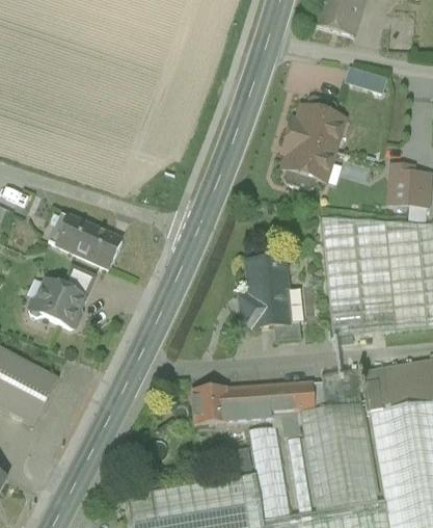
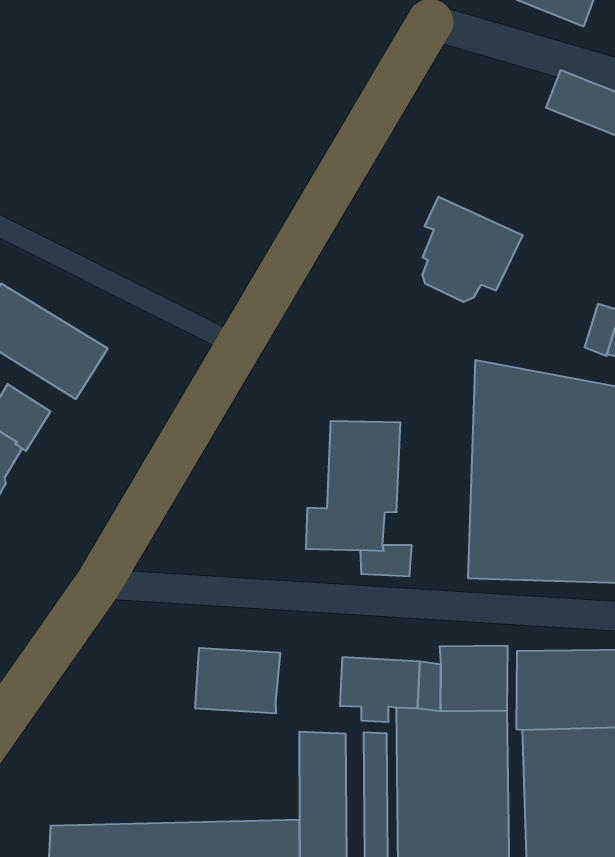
building: [288,95,345,150] -> none
building: [236,387,271,415] -> none

